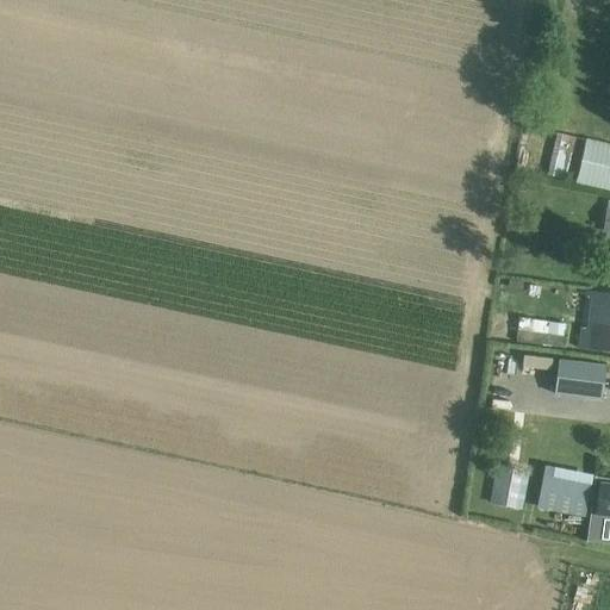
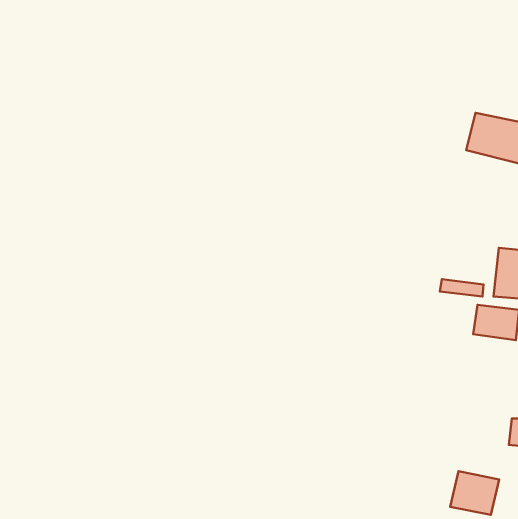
building: [537,466,595,517] -> [450,471,499,515]
building: [491,467,530,509] -> none

